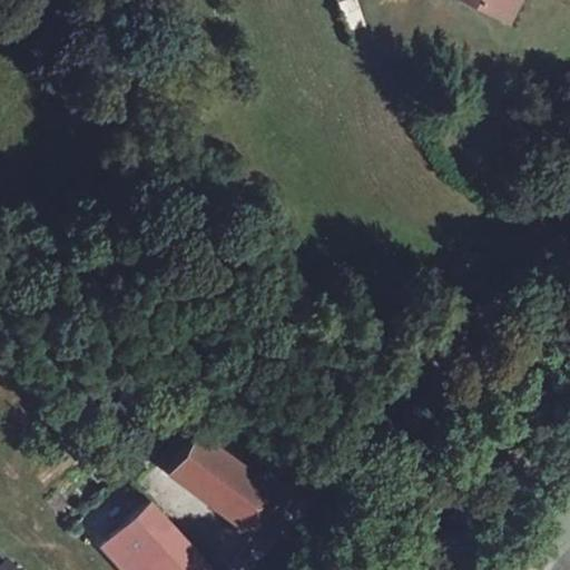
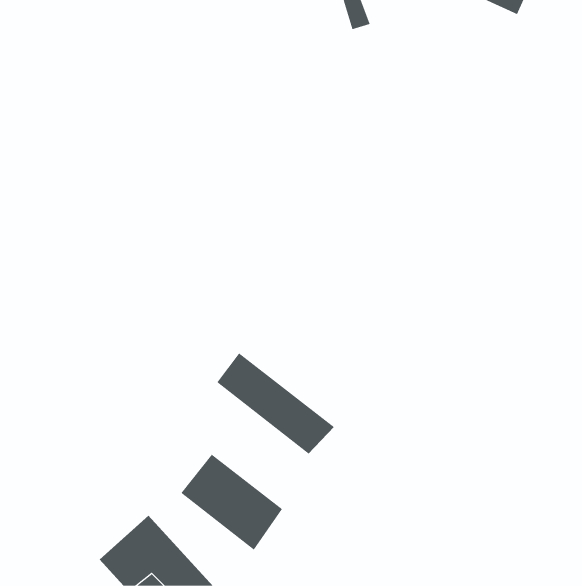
building: none -> [216,352,335,455]

